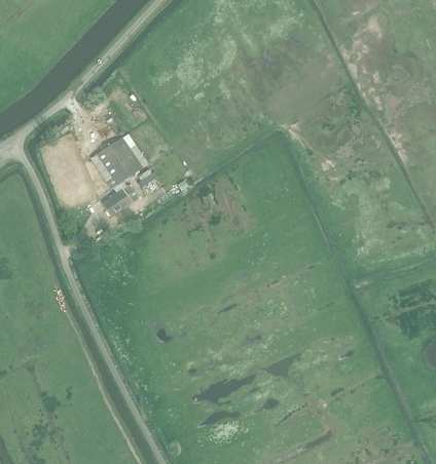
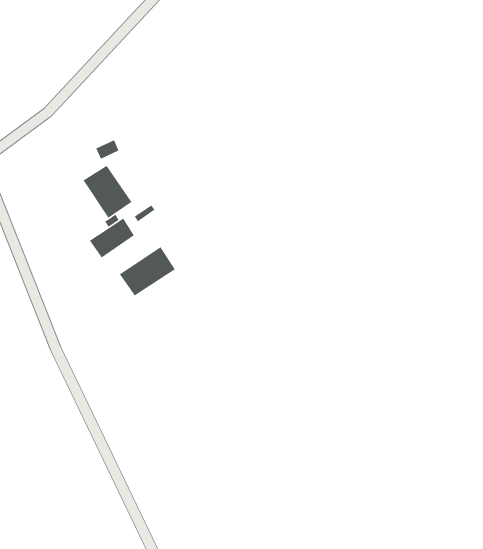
building: none -> [119,246,176,296]

